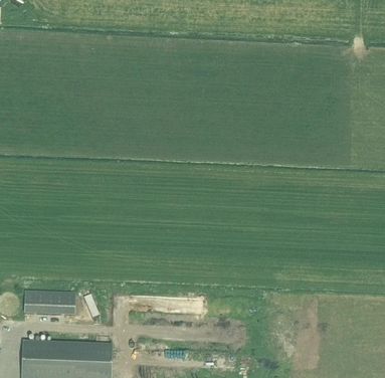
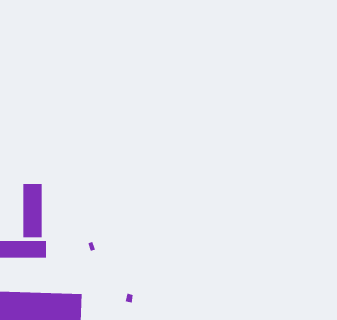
building: none -> [23,183,42,238]

